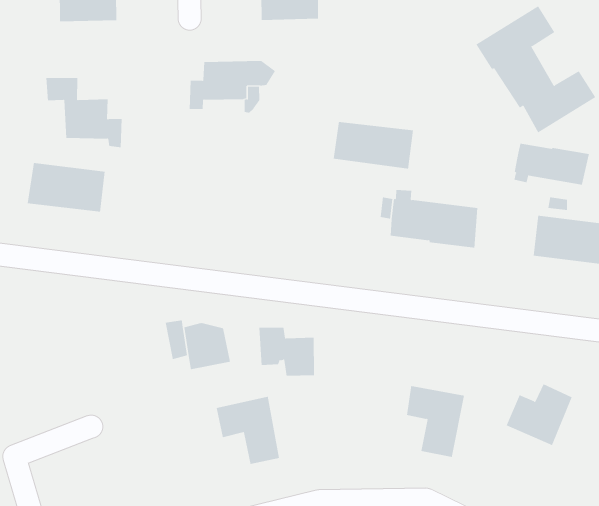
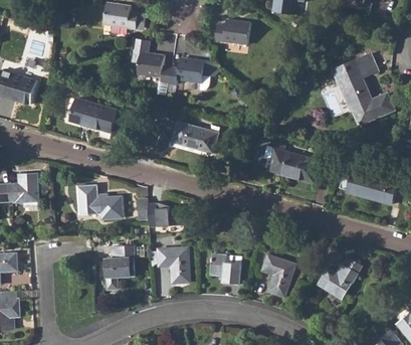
building: [45,77,122,148] -> [131,37,171,82]
building: [333,122,414,169] -> [171,122,218,154]
building: [514,143,589,186] -> none
building: none -> [76,186,122,219]
building: [259,327,315,376] -> [211,253,243,285]
building: none -> [106,246,135,290]

